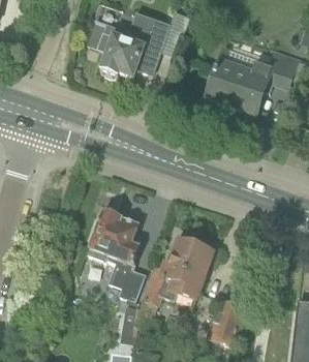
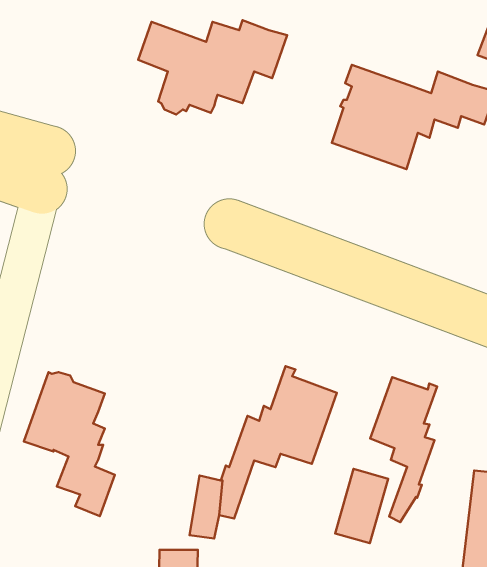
building: [89,211,146,301] -> [24,372,115,516]
building: none -> [370,377,437,522]

